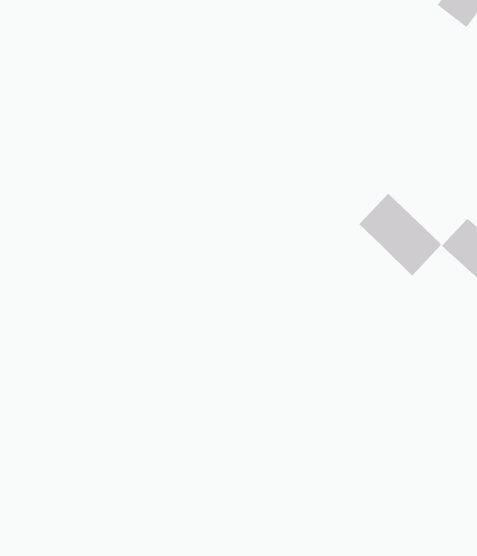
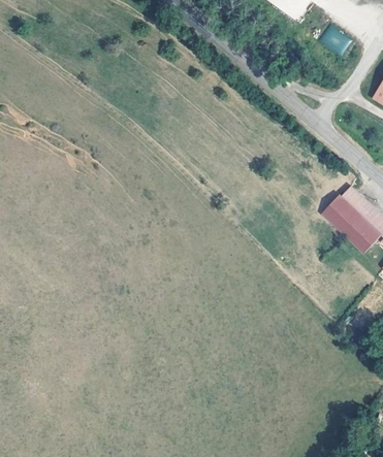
building: [358,193,442,276] -> none

